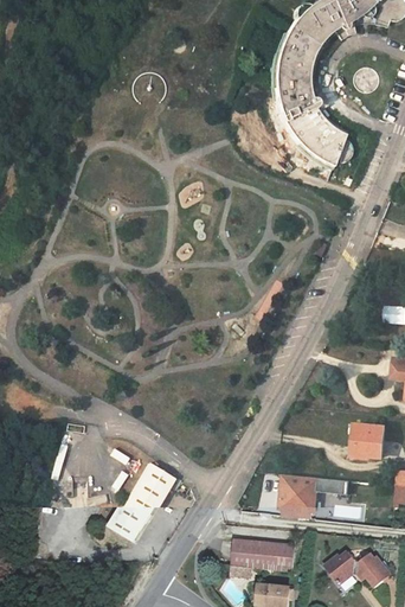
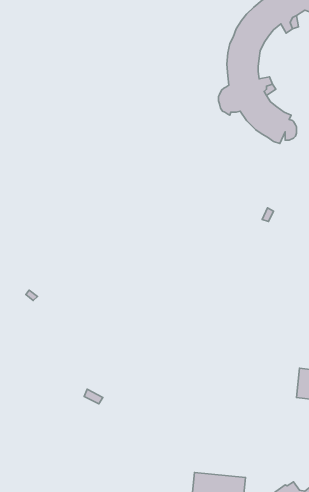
building: [108,464,172,542] -> none
building: [278,473,348,518] -> none

